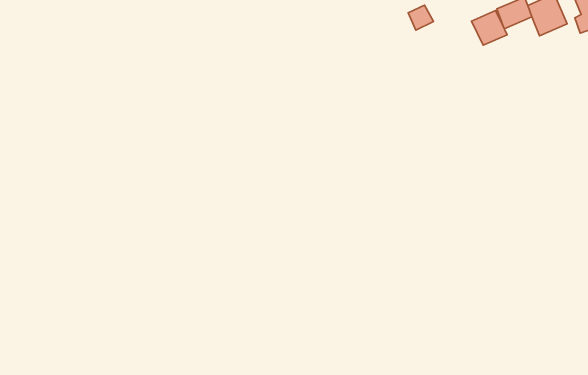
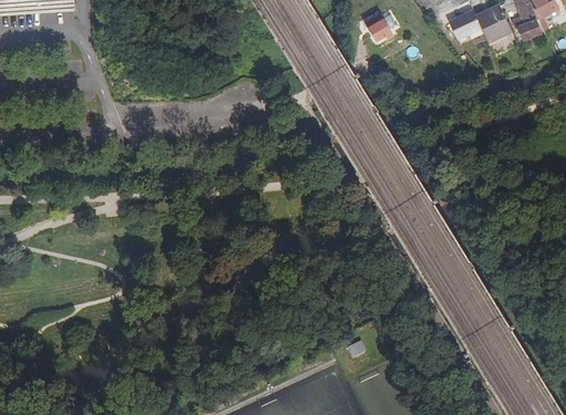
building: [472,11,507,45] -> none

